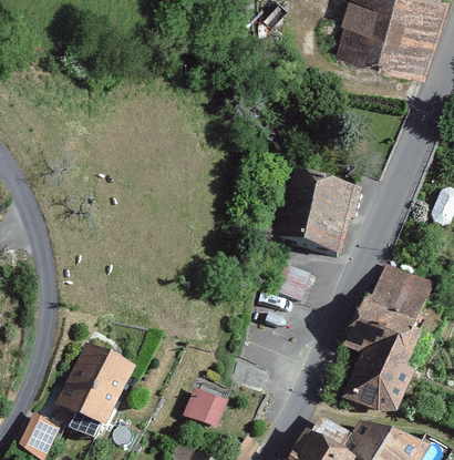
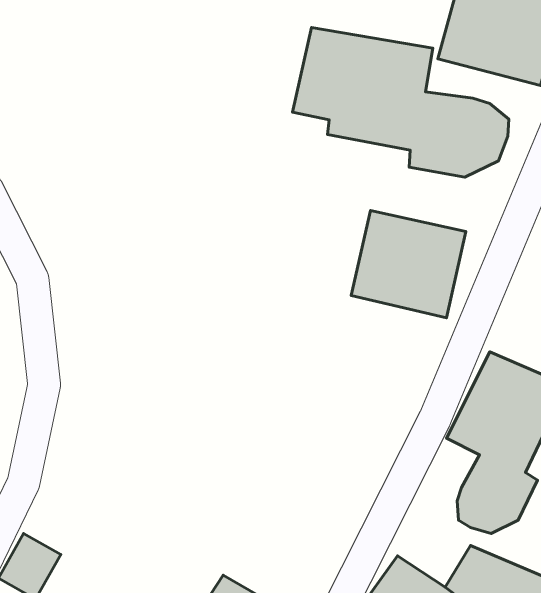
building: none -> [292,28,509,177]
building: [54,345,131,427] -> none
building: [185,387,229,429] -> none

